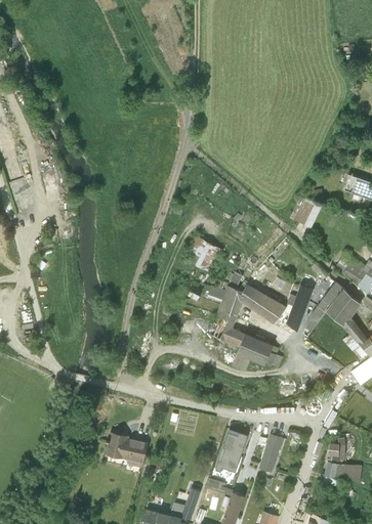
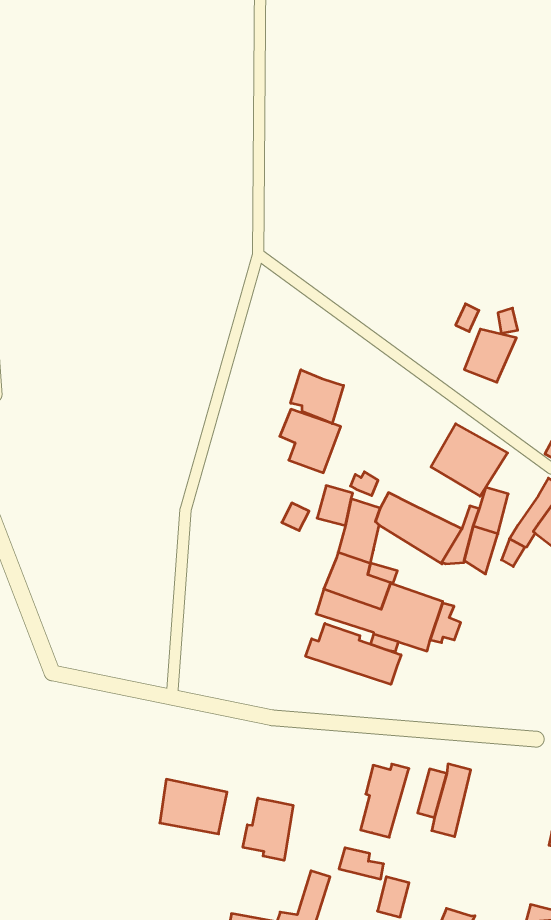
building: none -> [291,370,344,424]
building: none -> [431,424,508,496]
building: none -> [306,623,401,684]
building: none -> [243,798,293,860]

